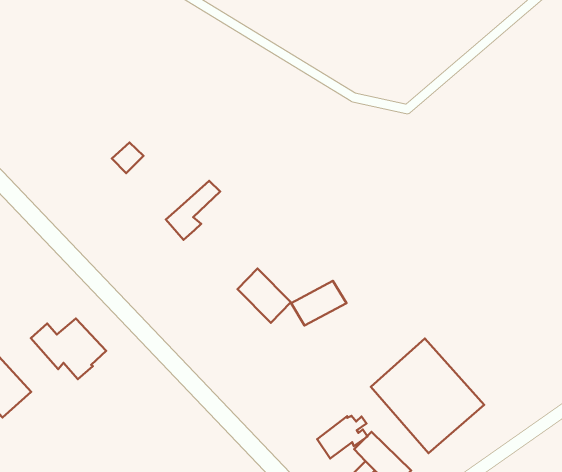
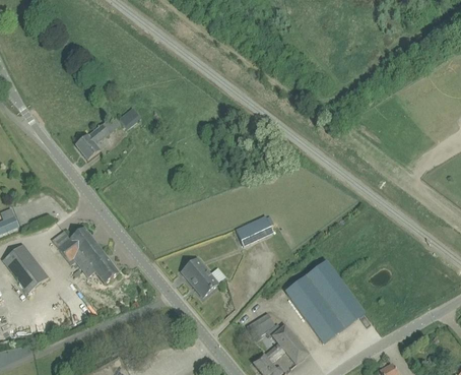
building: [166,181,220,240] -> [75,120,115,160]
building: [237,269,291,323] -> [181,257,217,296]
building: none -> [81,252,118,284]

